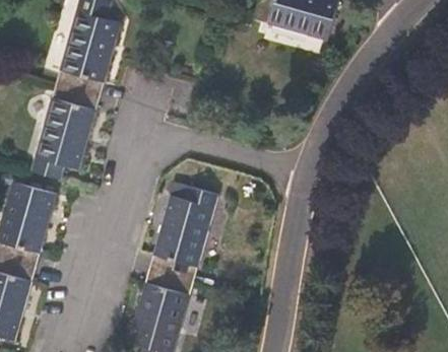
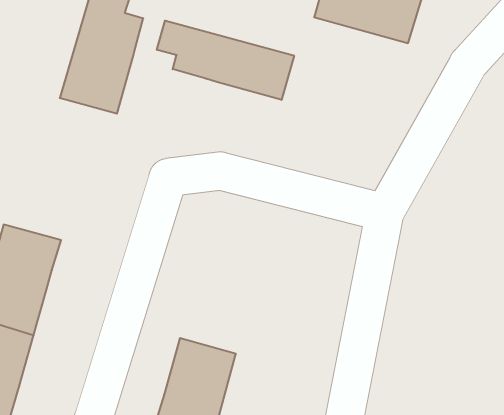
building: none -> [157,21,294,100]
building: [31,83,101,179] -> none
building: [149,187,217,282] -> none

